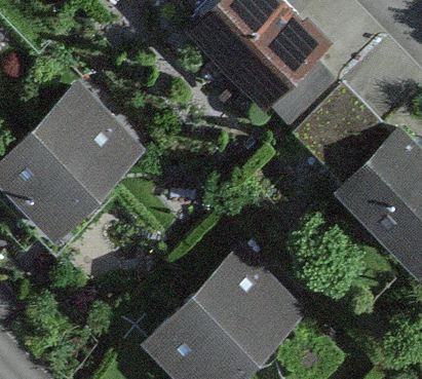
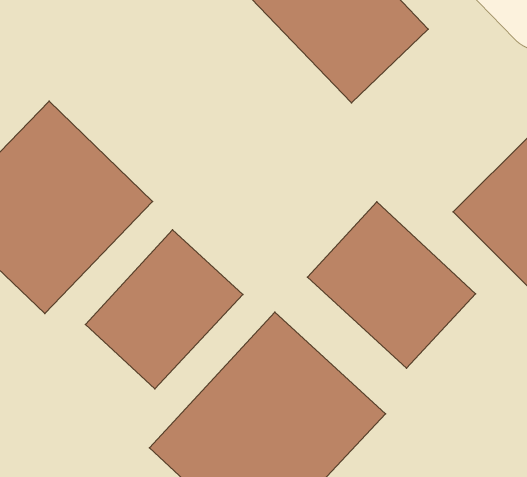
building: none -> [308,202,476,368]
building: none -> [86,230,243,389]

